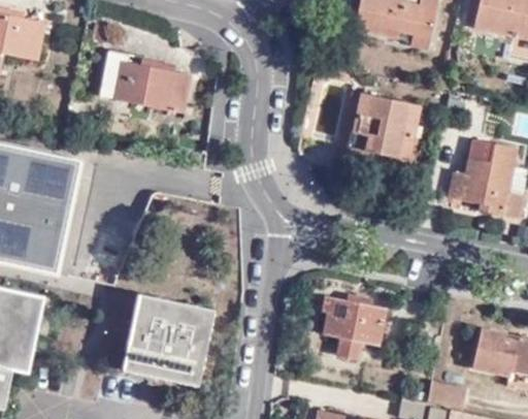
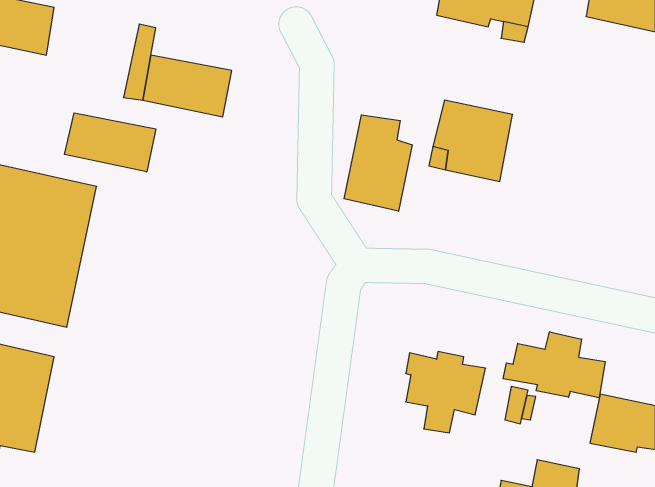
building: none -> [64,113,156,172]
building: none -> [344,115,412,211]
building: [441,141,518,216] -> none
building: none -> [503,332,605,398]
building: [122,294,212,385] -> none

